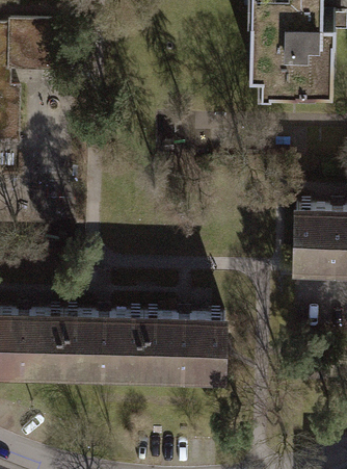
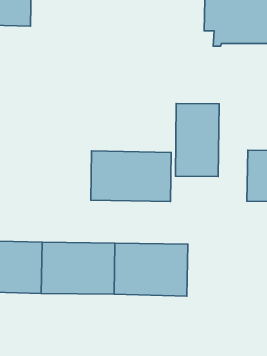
building: none -> [175,104,219,176]
building: none -> [91,151,171,201]

